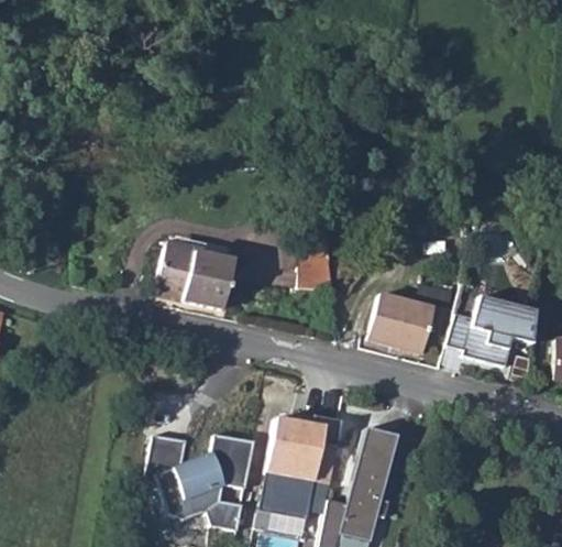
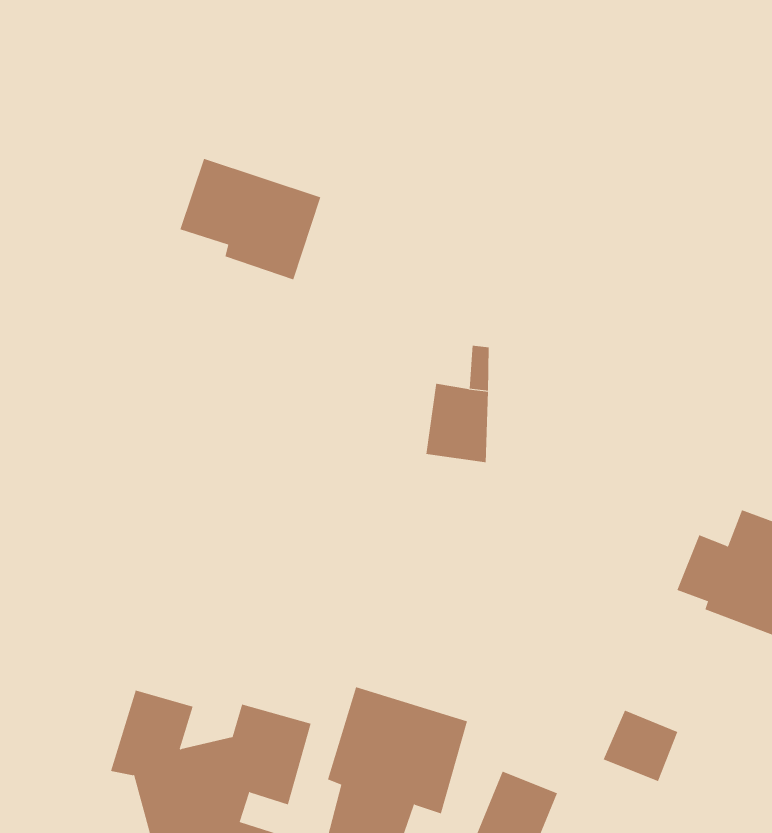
building: [157,245,233,307] -> [179,158,321,280]
building: [368,293,434,351] -> none
building: [362,426,401,463] -> [603,710,678,782]

